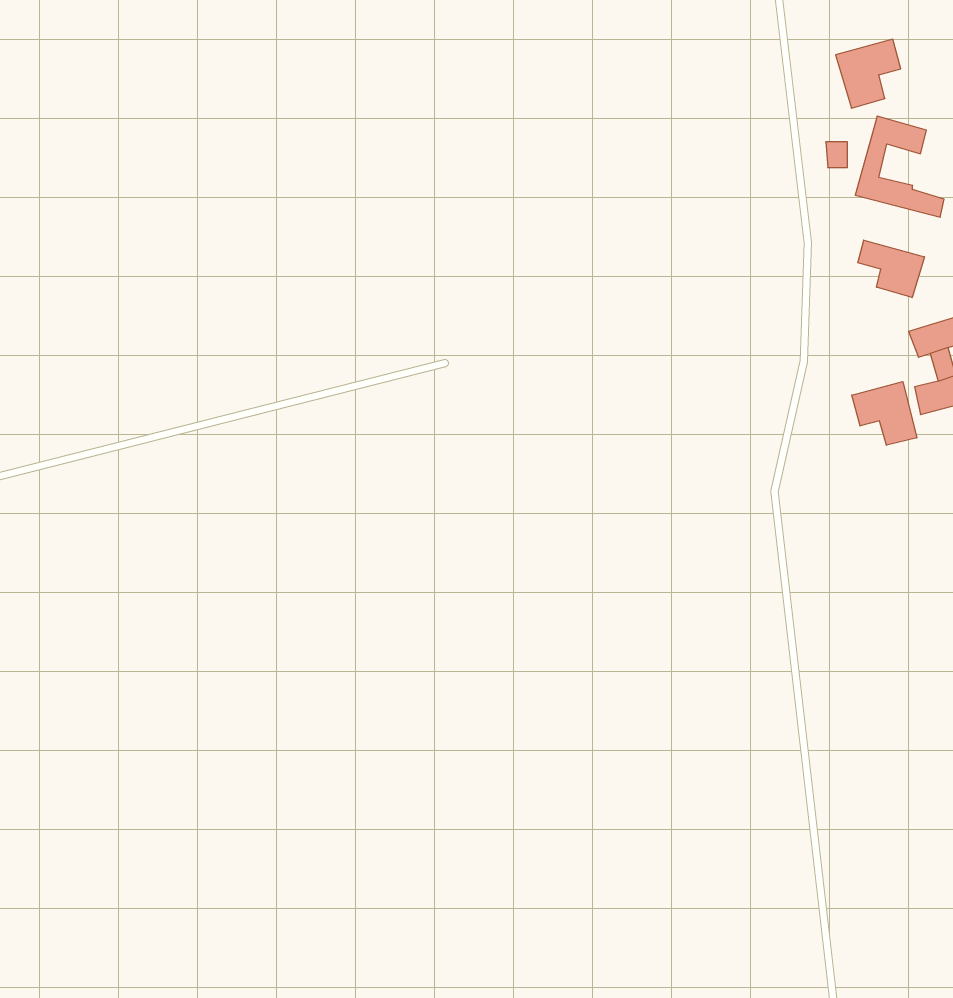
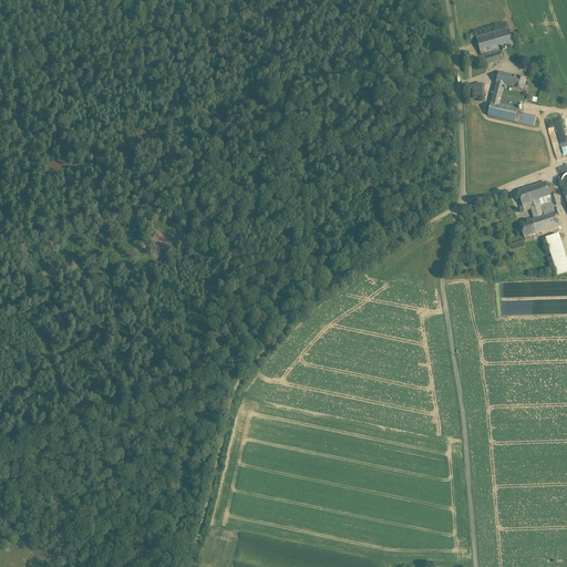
building: [858,240,924,298] -> none
building: [852,382,917,445] -> none

